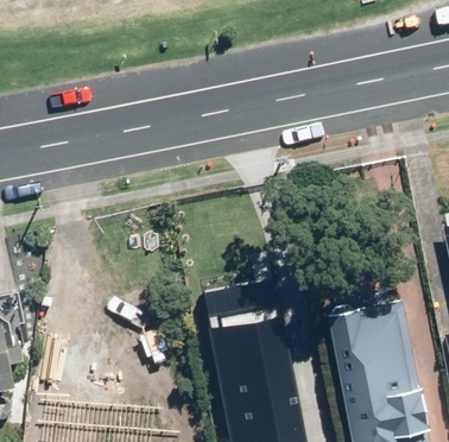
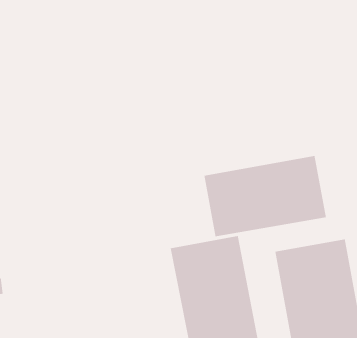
building: none -> [204,155,327,237]

